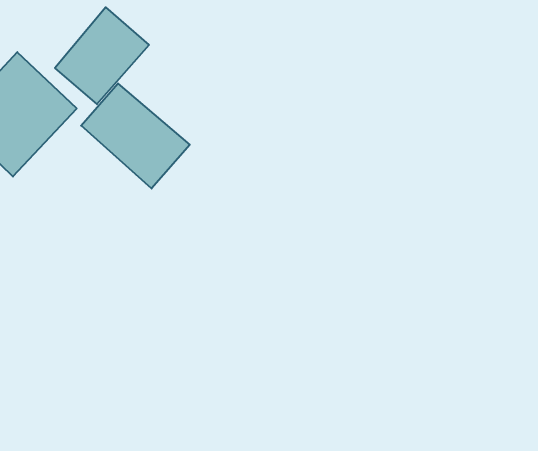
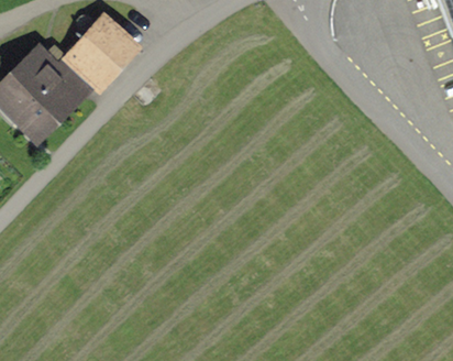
building: [81,83,190,189] -> none

